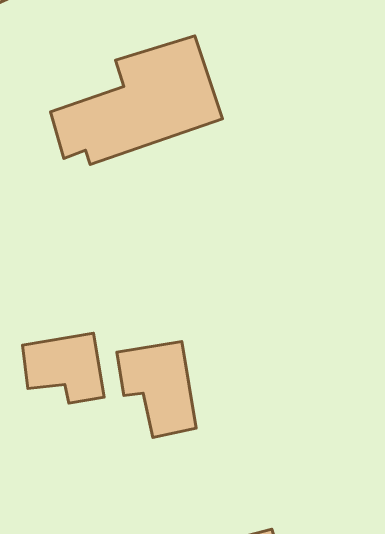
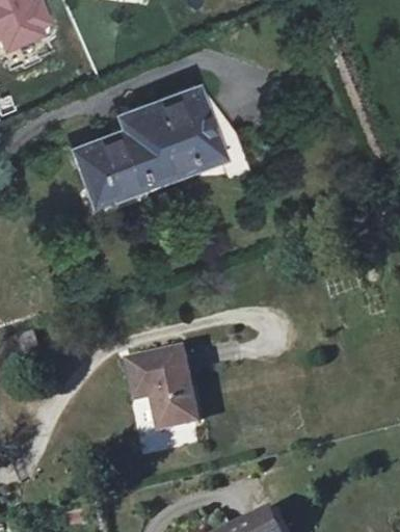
building: [23,333,104,403] -> none

